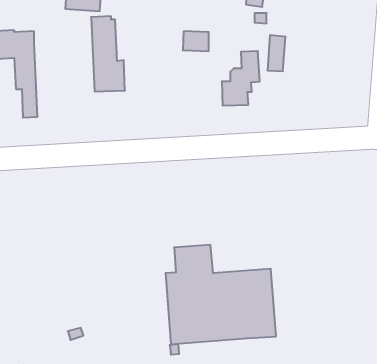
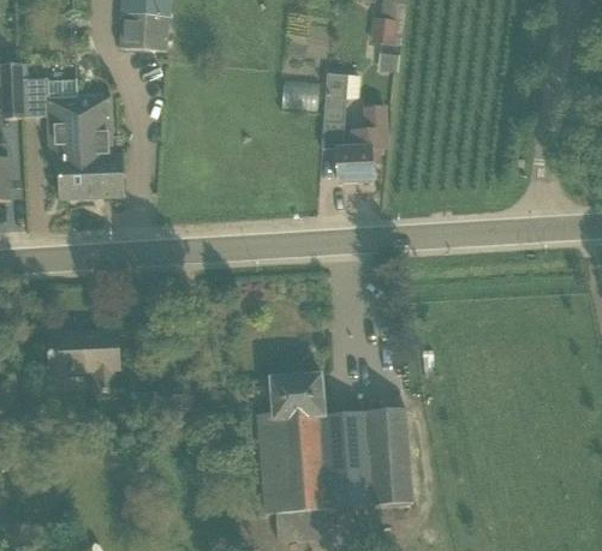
building: [91,16,125,91] -> [76,92,123,197]
building: [267,35,286,71] -> [323,72,348,122]
building: none -> [41,330,119,391]

